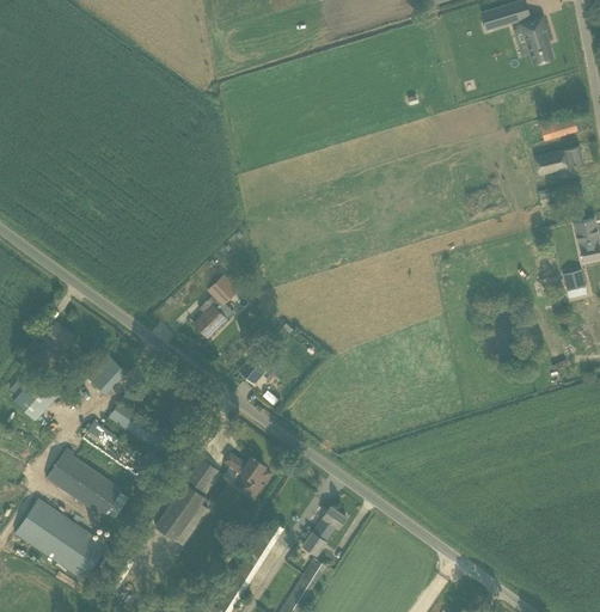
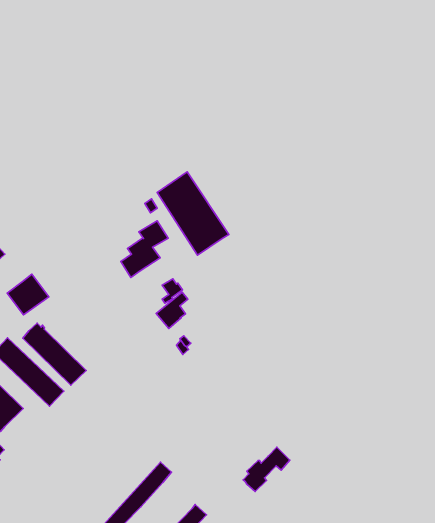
building: none -> [157,172,229,255]
building: [225,453,270,497] -> none
building: [153,458,218,546] -> none
building: [301,506,345,555] -> [243,447,290,491]

